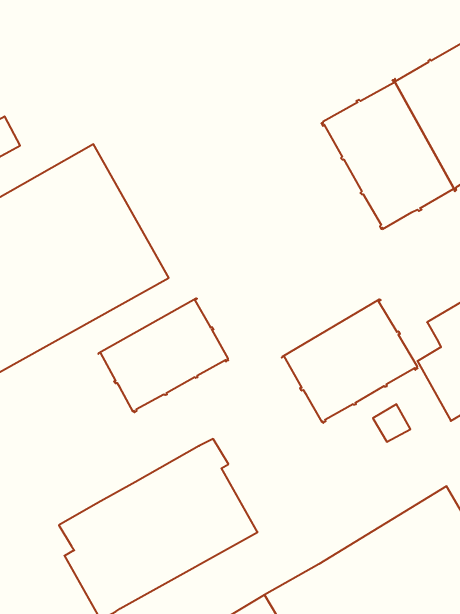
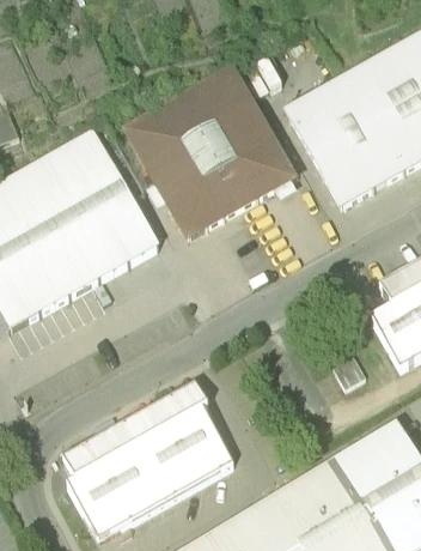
building: none -> [129,69,291,234]
building: [98,298,228,412] -> none
building: [282,299,418,423] -> none

